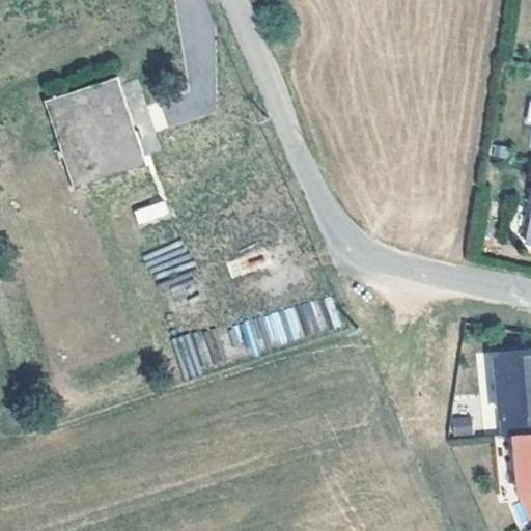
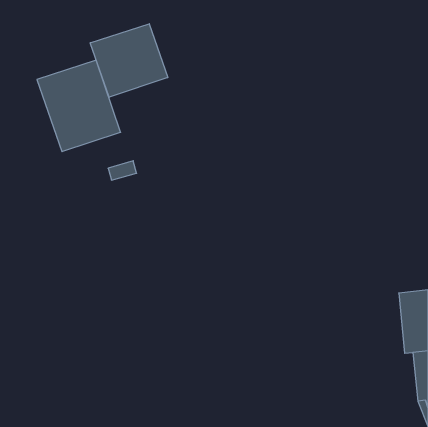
building: none -> [90,24,168,97]

